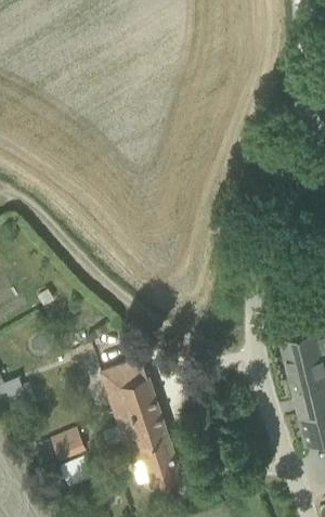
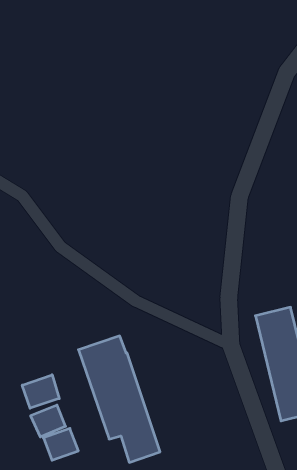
building: none -> [22,375,59,408]

